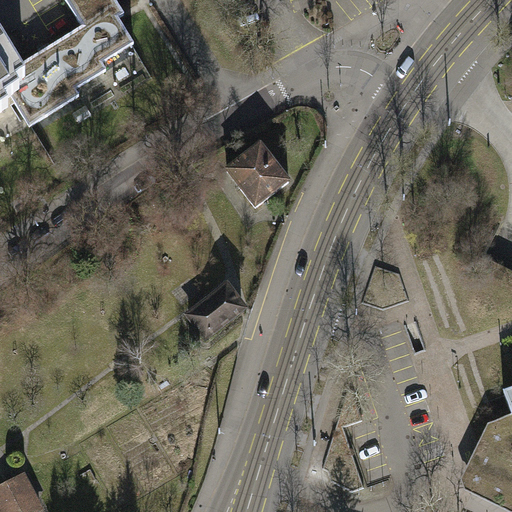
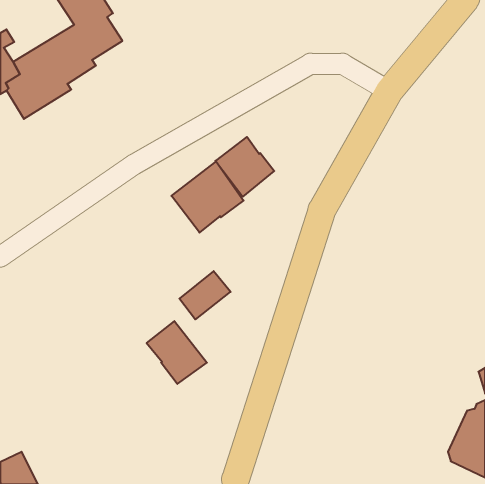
building: none -> [171,162,244,233]
building: none -> [147,321,207,384]

